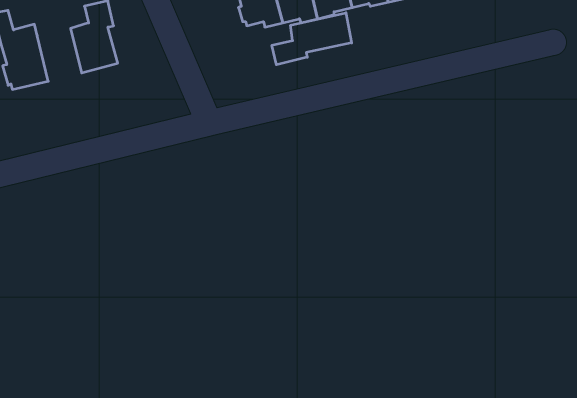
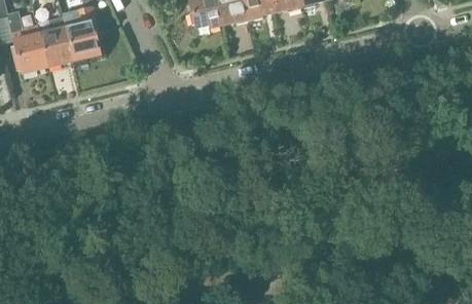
building: [272,13,352,65] -> none
building: none -> [40,17,73,67]

